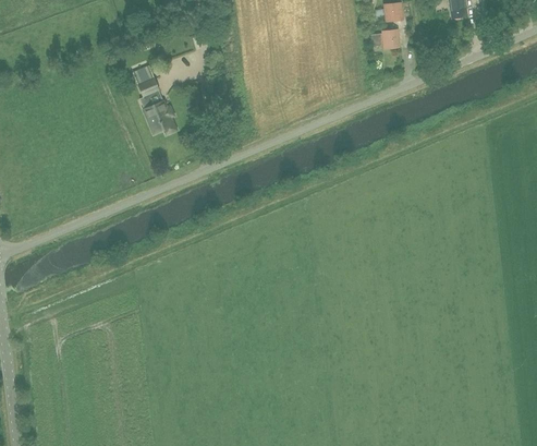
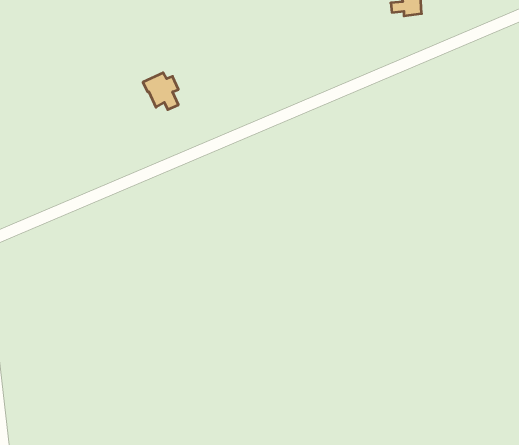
building: [133,65,159,97] -> none

